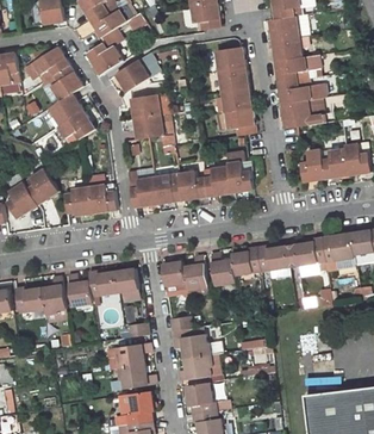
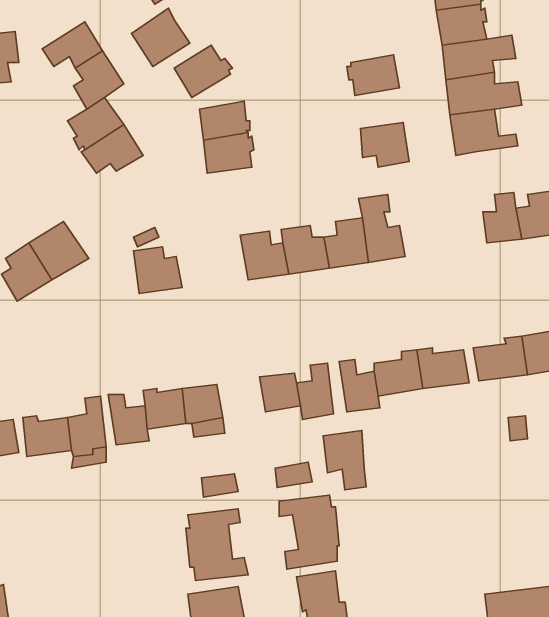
building: [217,45,247,70] -> none
building: [223,86,253,111] -> none
building: [127,176,157,207] -> none
building: [63,186,91,215] -> none
building: none -> [323,431,366,490]

